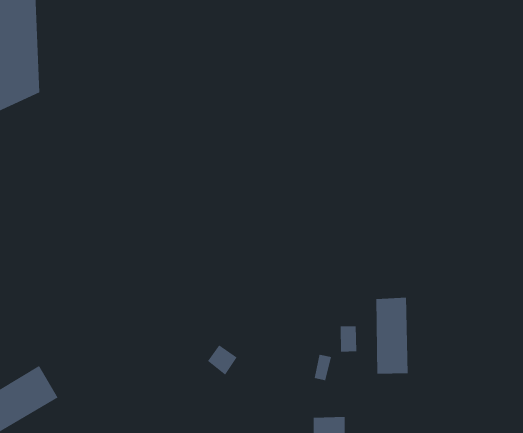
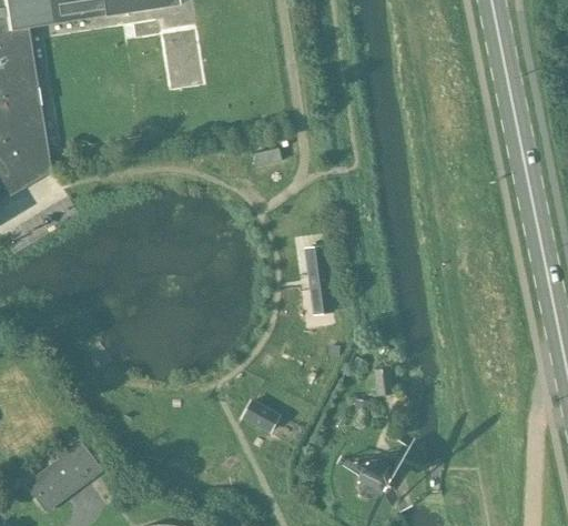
building: none -> [303,247,331,312]
building: [376,297,408,375] -> none

